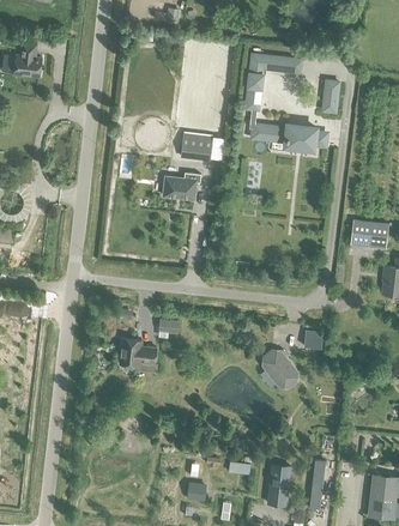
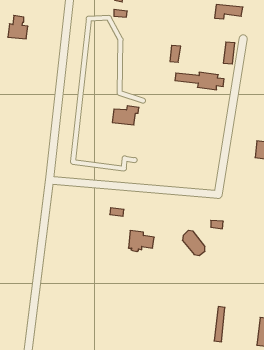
building: [249,54,290,74] -> [215,5,243,19]
building: [181,133,212,158] -> none
building: [120,338,157,368] -> [128,231,154,251]
building: [267,464,291,504] -> none

